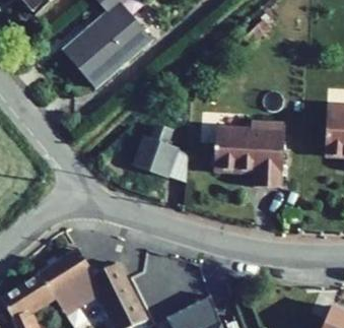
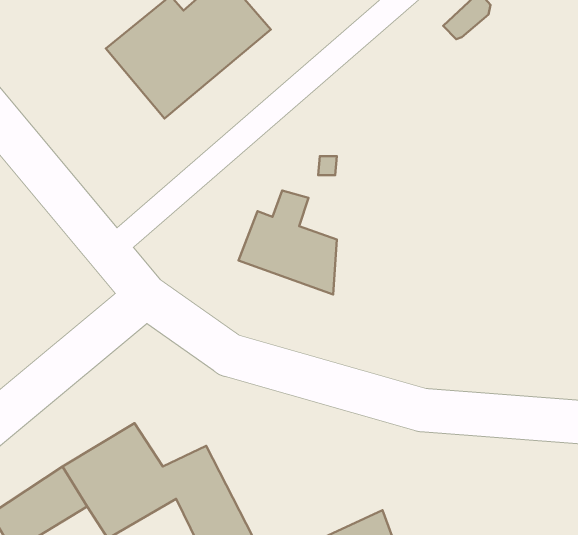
building: [213,122,285,187] -> none

